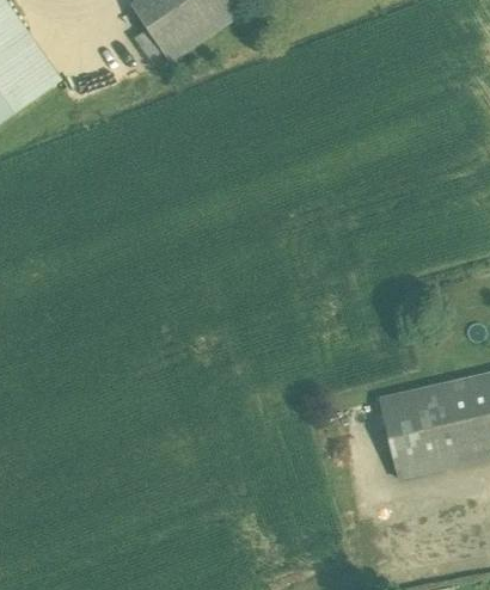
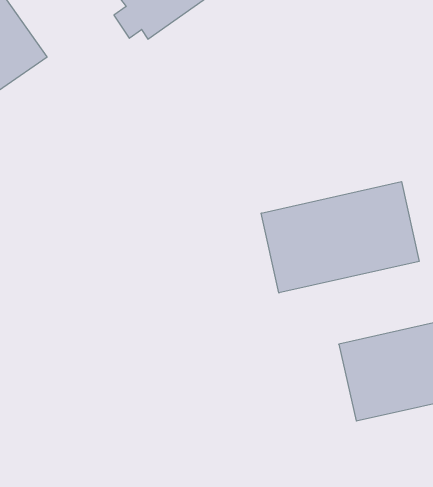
building: none -> [261,182,419,293]

